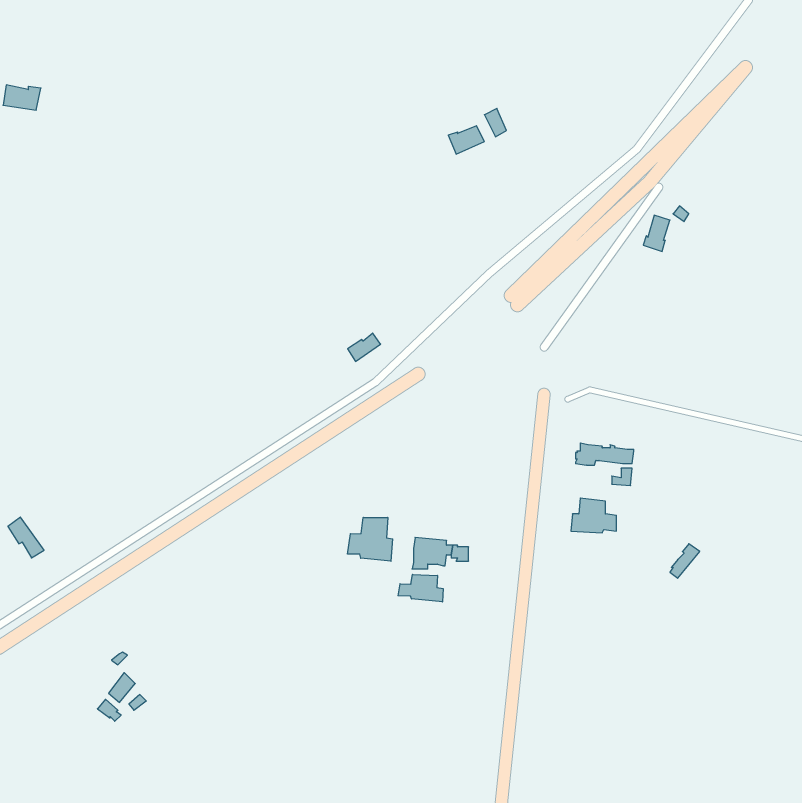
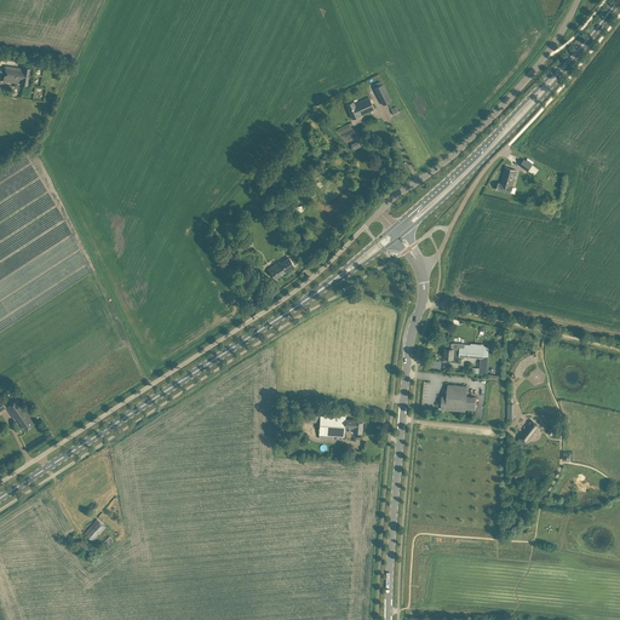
building: [348,517,393,561] -> none
building: [398,574,443,602] -> none

